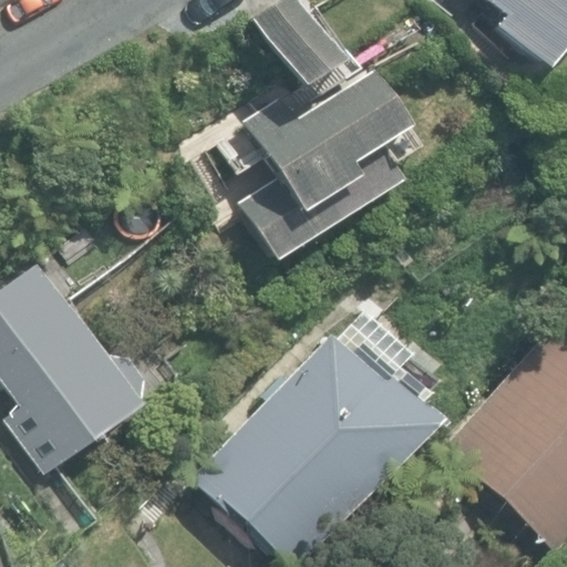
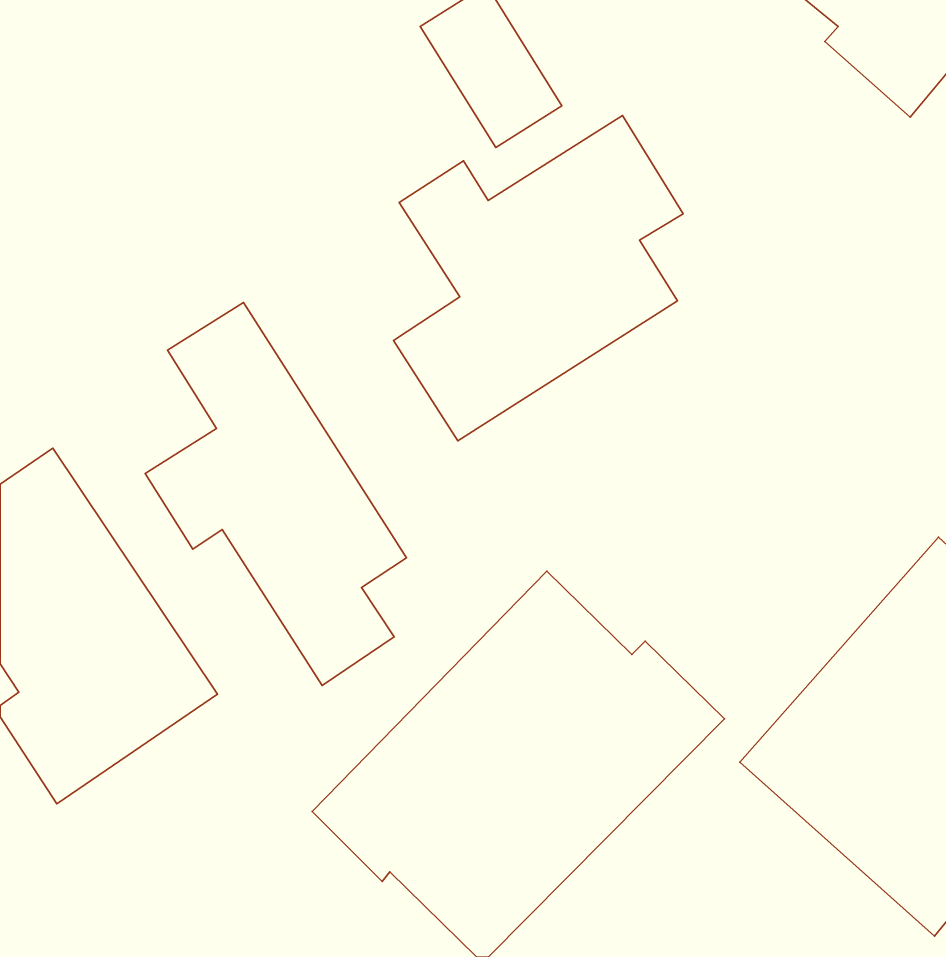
building: none -> [145,302,406,685]

